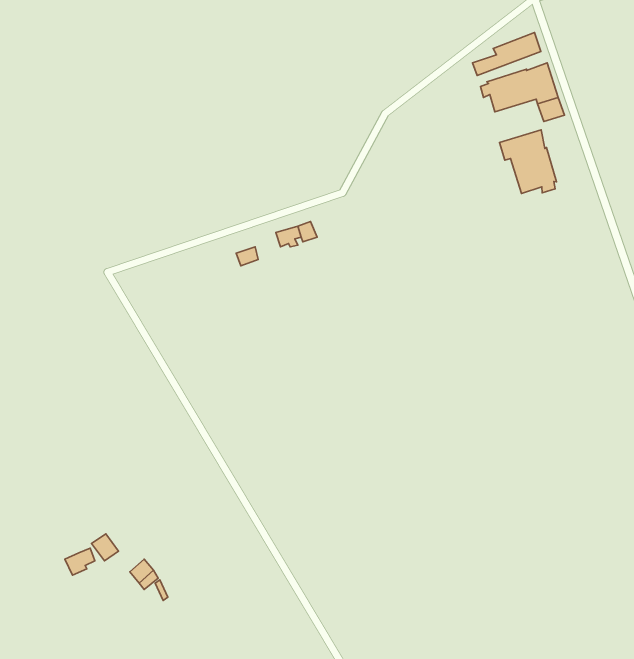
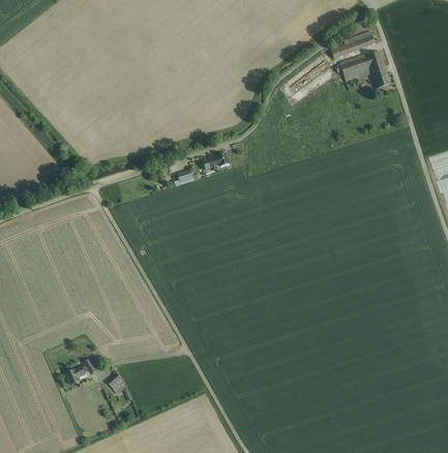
building: [499,130,557,194] -> none

